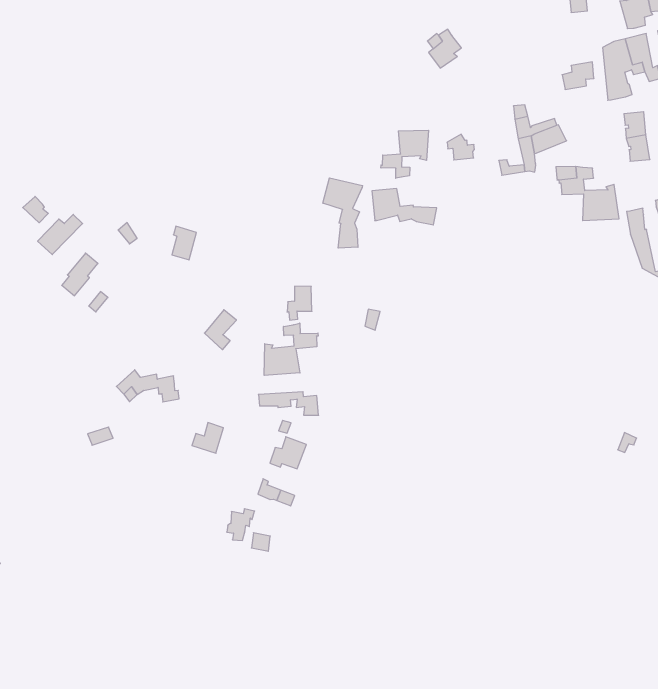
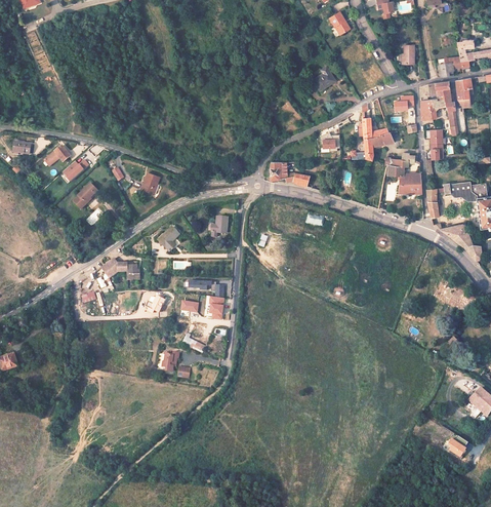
building: [381,130,429,178] -> none
building: [323,178,363,248] -> none
building: [264,323,318,375] -> none

